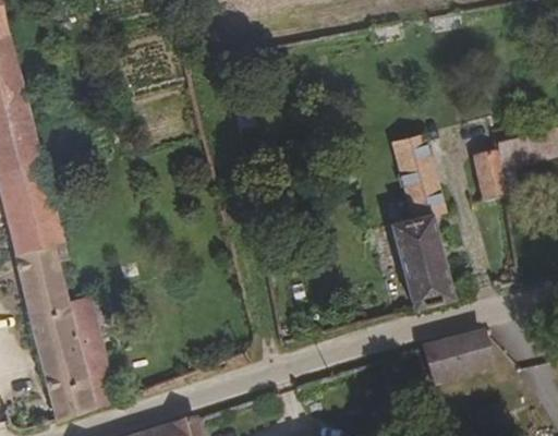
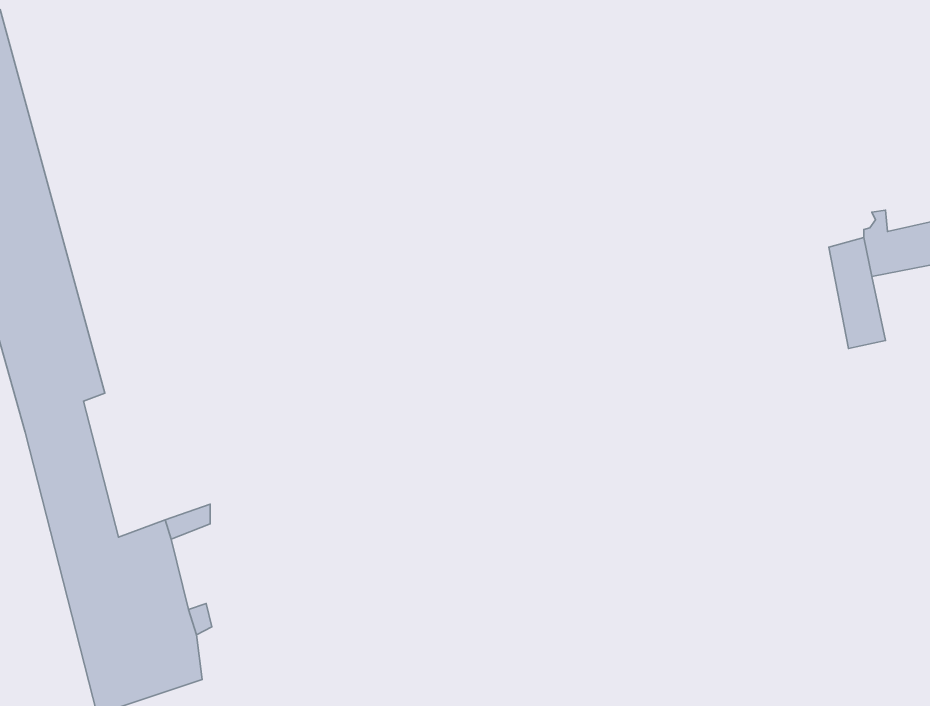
building: [389,129,453,306] -> none
building: [427,334,487,382] -> none

